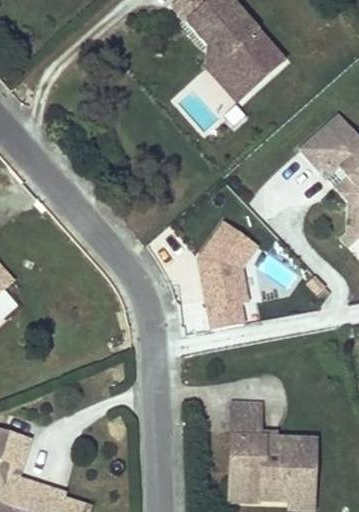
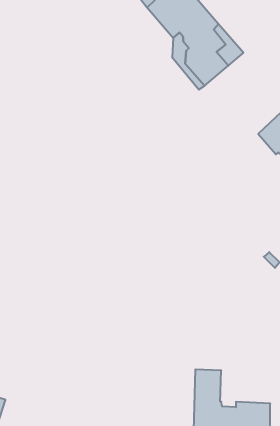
building: [196,220,261,329] -> none

